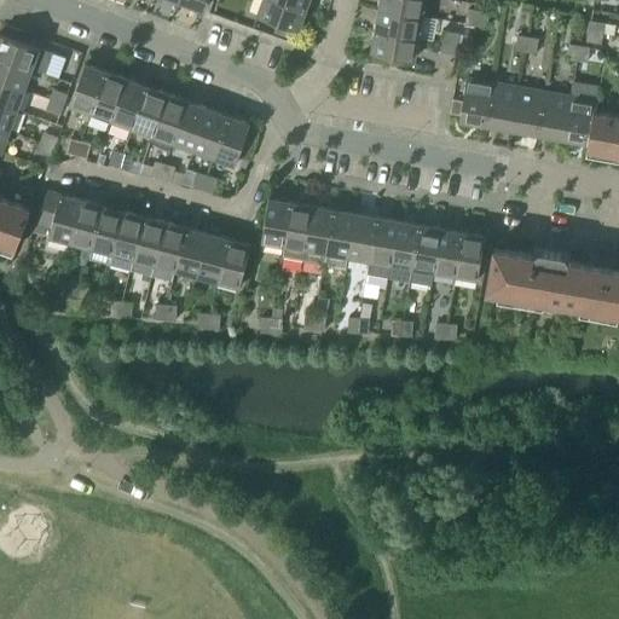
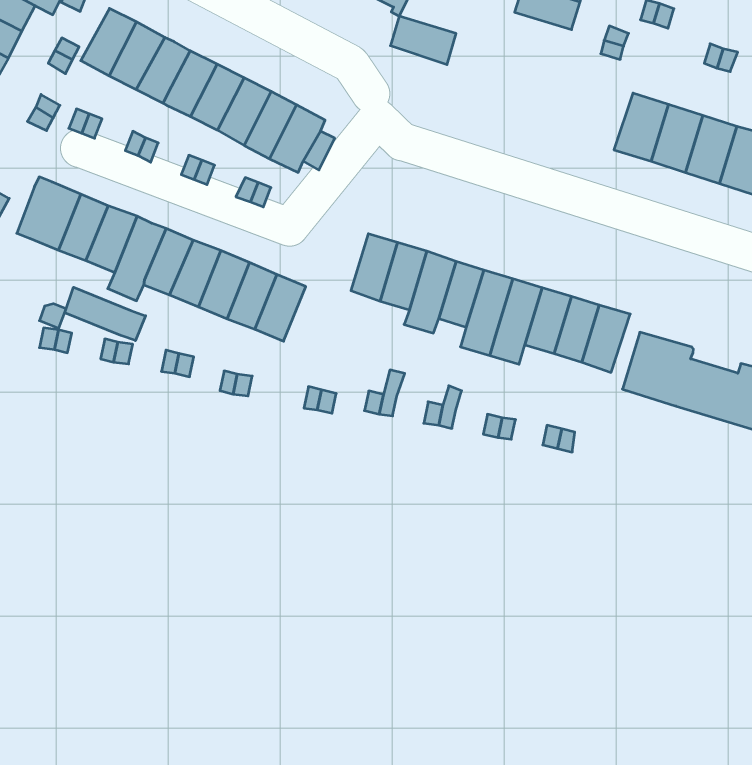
building: [371,33,417,63] -> [390,16,456,65]
building: [261,201,290,247] -> none
building: none -> [65,287,146,341]

